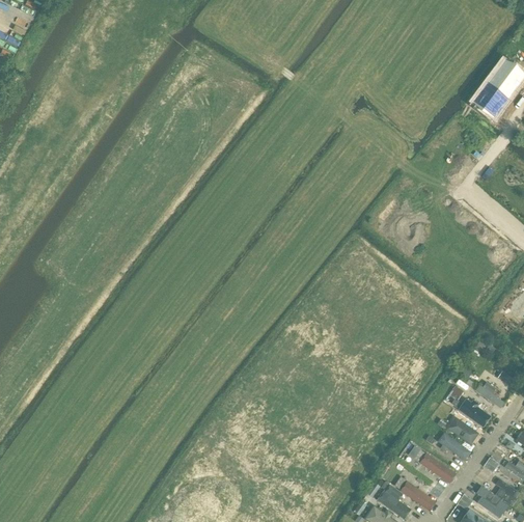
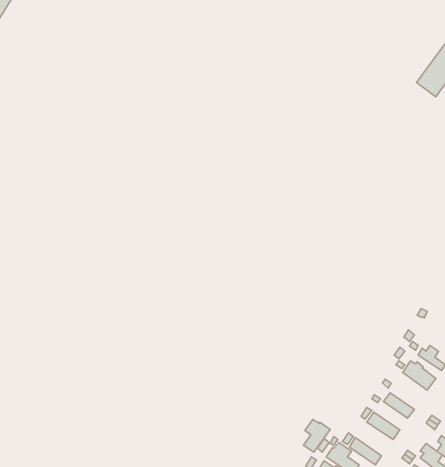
building: [446,415,477,444] -> none
building: none -> [304,419,330,452]

